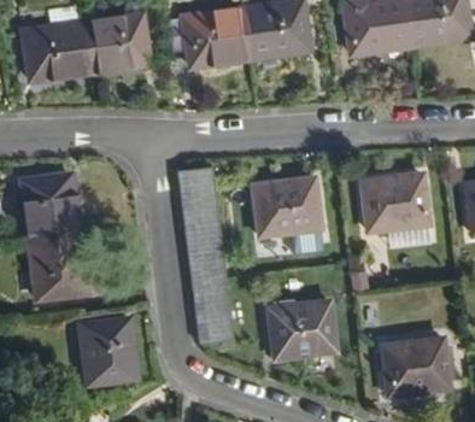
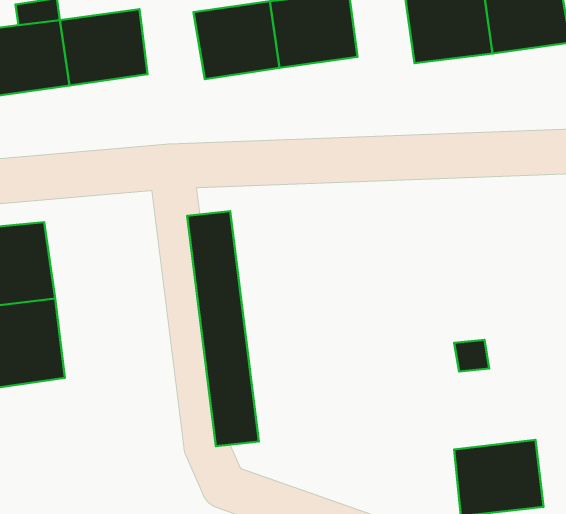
building: [360,174,427,231] -> none
building: [252,176,318,235] -> none
building: [266,301,333,358] -> none
building: [77,317,134,383] -> none

